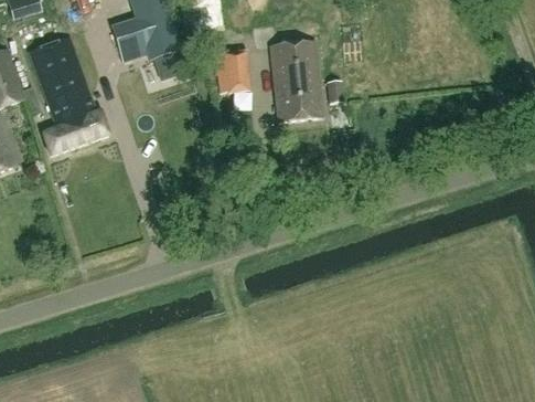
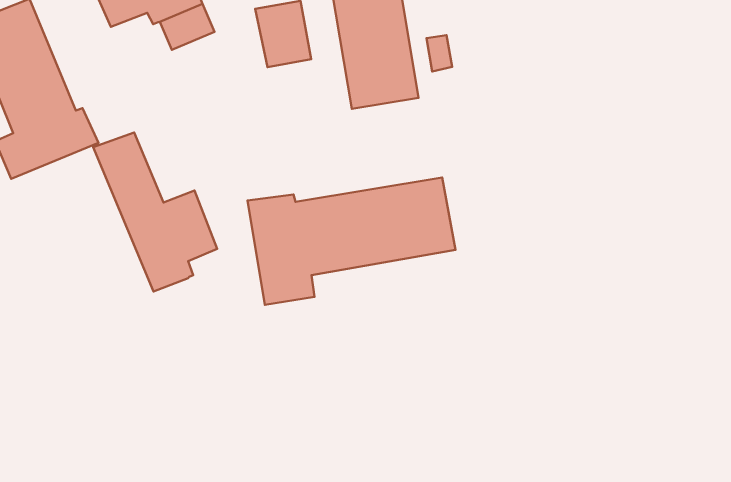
building: none -> [93,132,217,292]
building: none -> [247,177,455,305]

